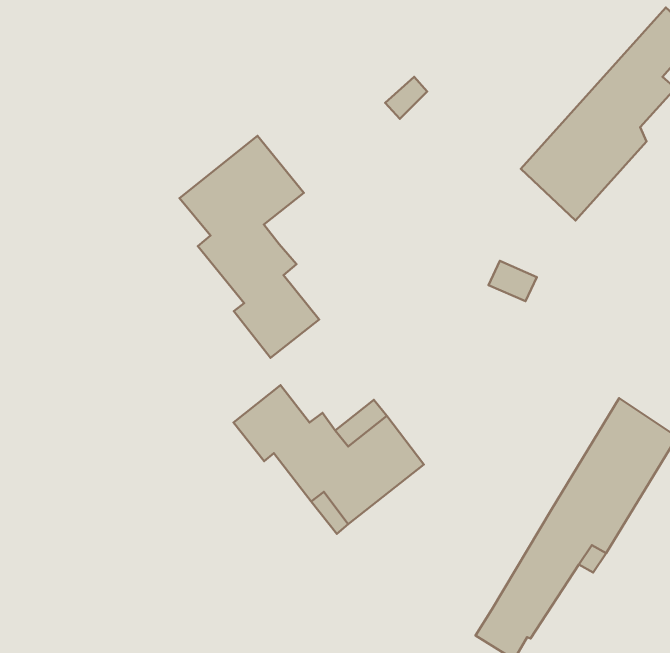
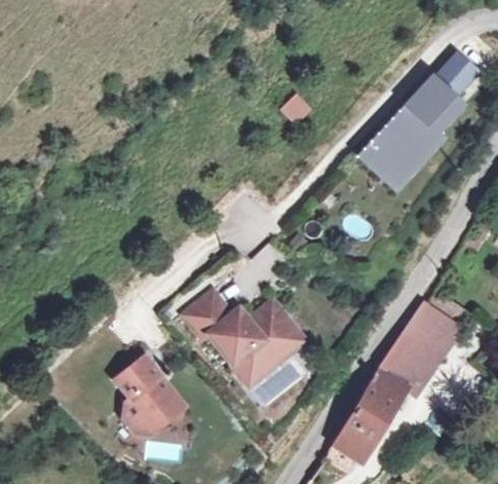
building: [180,136,319,358] -> none
building: none -> [114,357,183,434]

